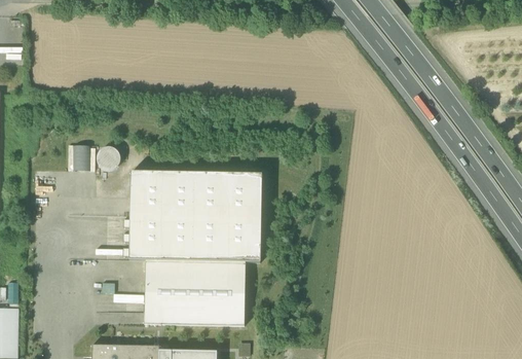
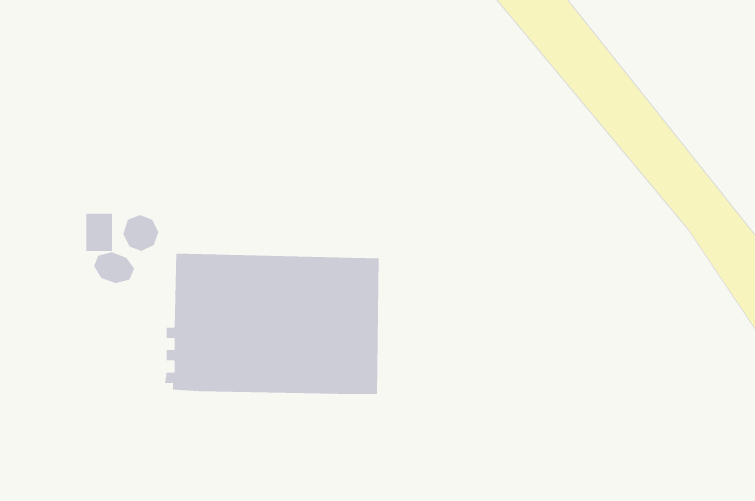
building: none -> [94,252,135,284]
building: [144,259,246,325] -> none

